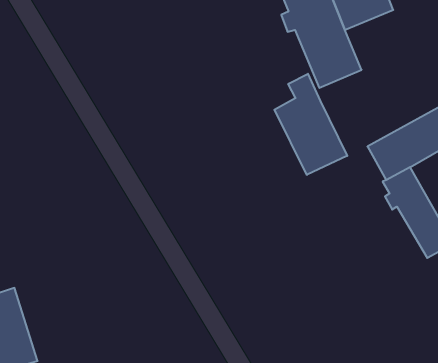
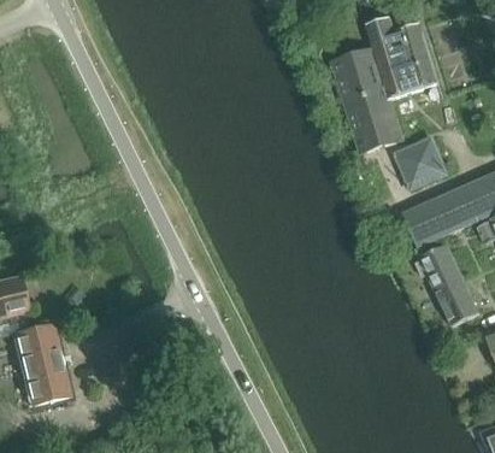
building: none -> [400,135,449,186]
building: [274,74,347,175] -> none

